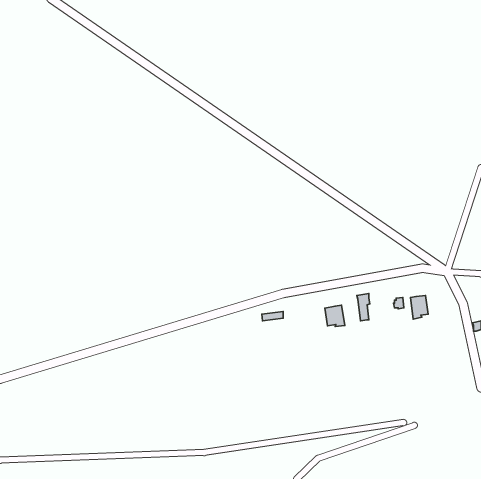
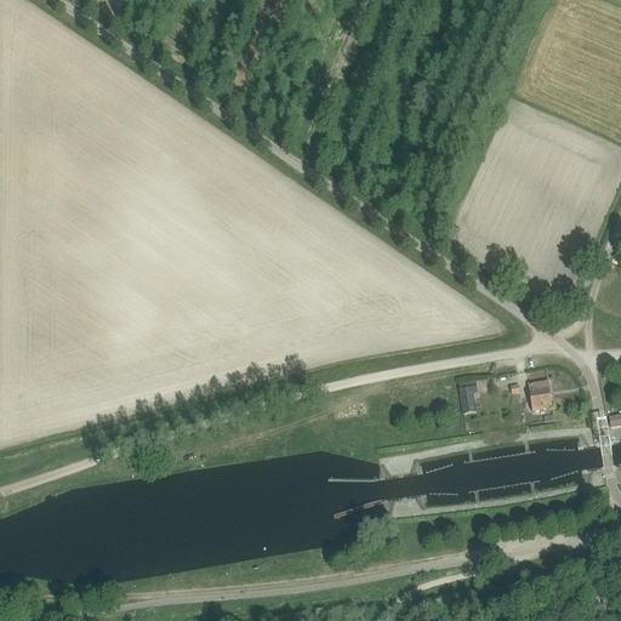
building: [325,305,345,326] -> none

